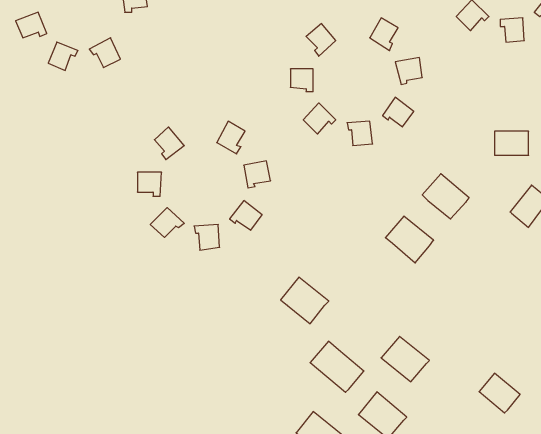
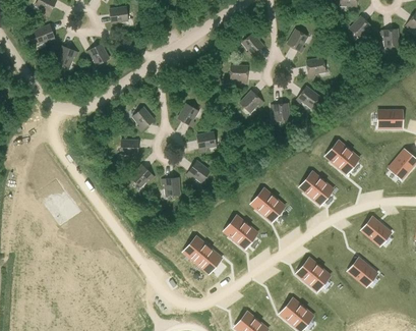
building: none -> [251,188,285,221]
building: none -> [361,216,392,245]
building: [310,341,364,392] -> [183,236,222,273]
building: [479,373,520,413] -> [348,258,377,286]

